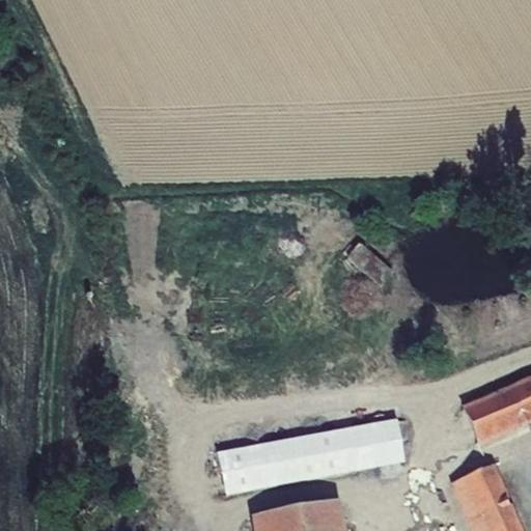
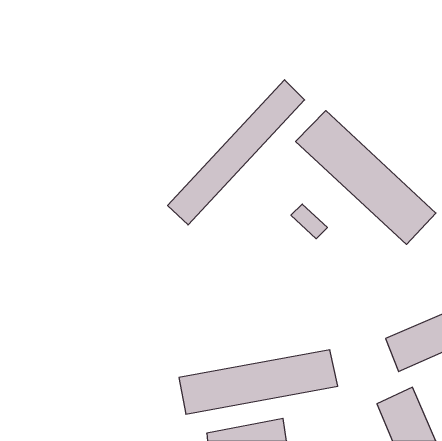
building: none -> [168,80,305,225]
building: none -> [296,111,436,244]

